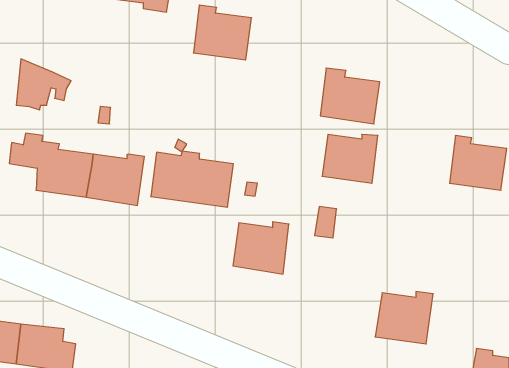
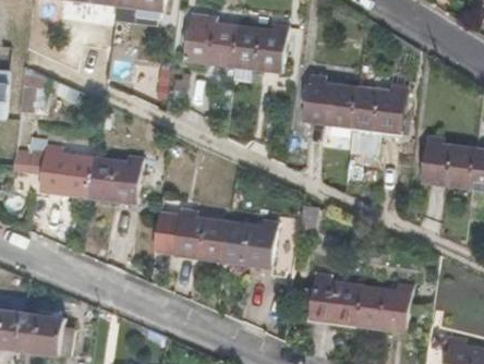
building: none -> [233,26,289,78]
building: [322,134,378,183] -> [354,87,407,133]
building: [151,151,233,207] -> [150,207,228,259]
building: none -> [306,271,362,326]

